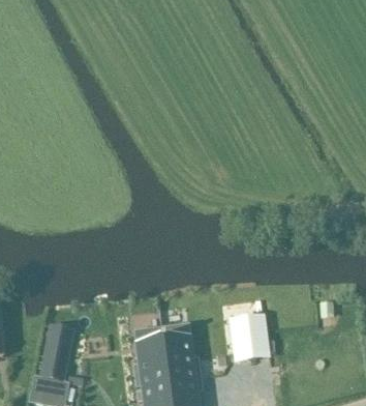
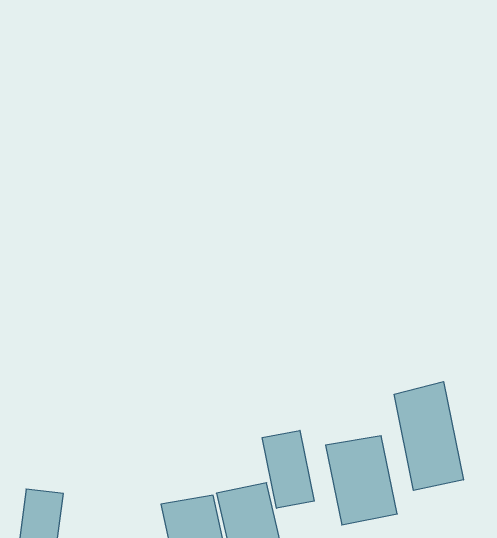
building: none -> [394,382,463,490]
building: none -> [262,430,314,508]

